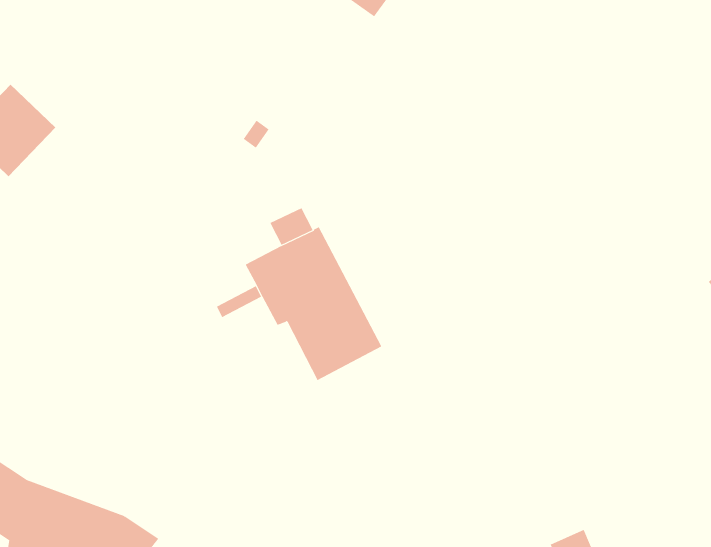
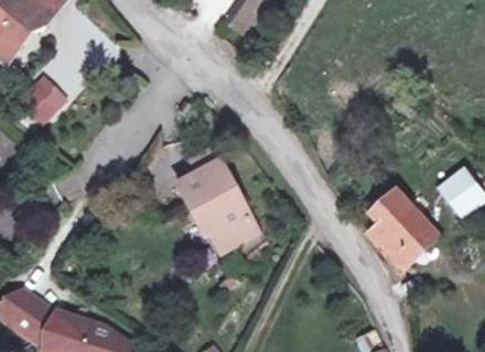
building: none -> [367,186,435,266]

